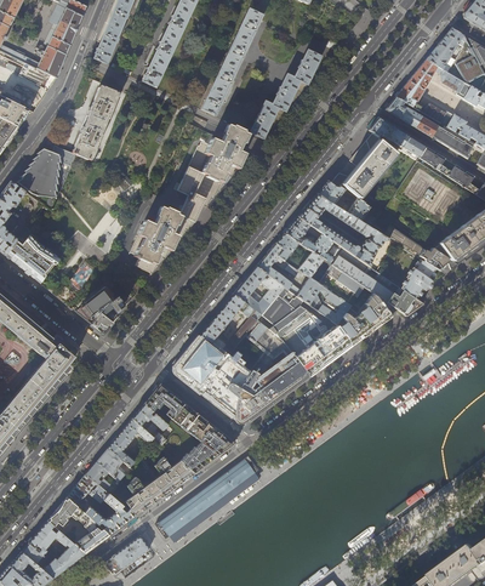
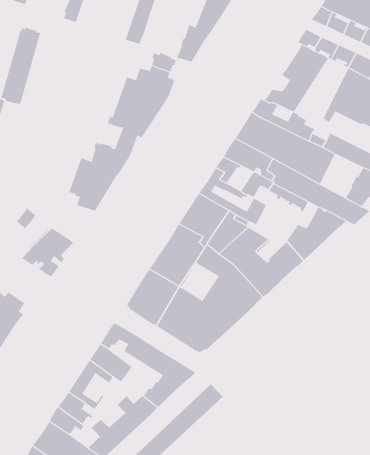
building: [309,286,350,324] -> none

